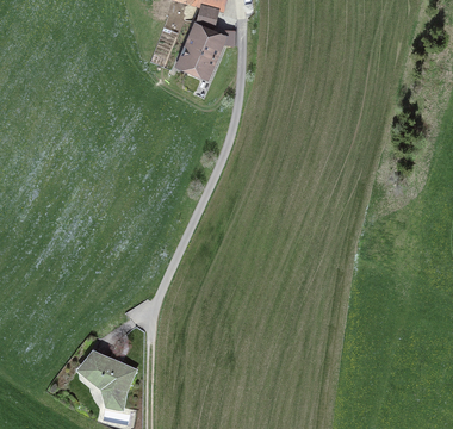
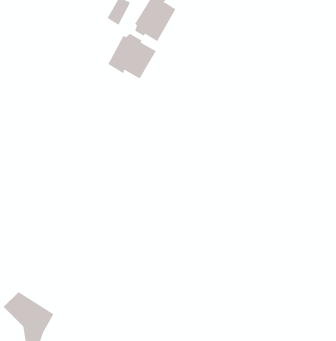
building: none -> [108,33,156,79]

